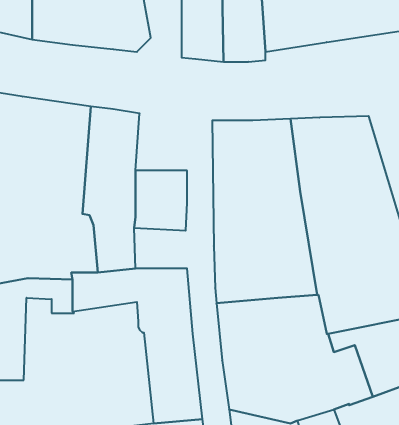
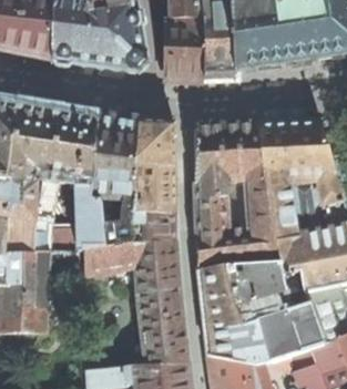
building: none -> [134,120,175,165]
building: none -> [133,211,175,243]

